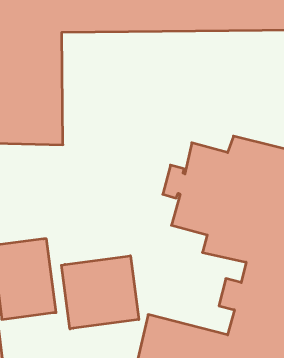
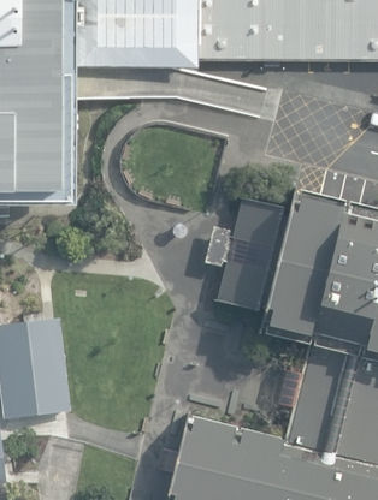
building: [61,256,139,329] -> none

